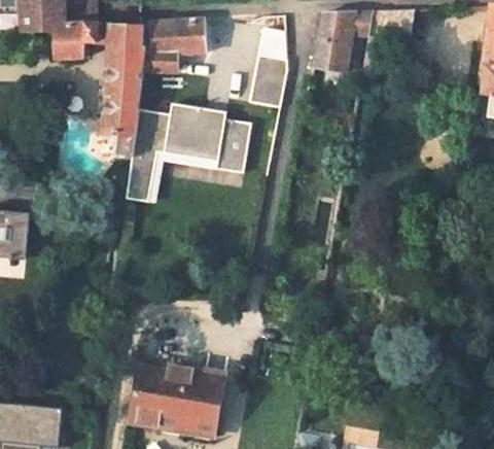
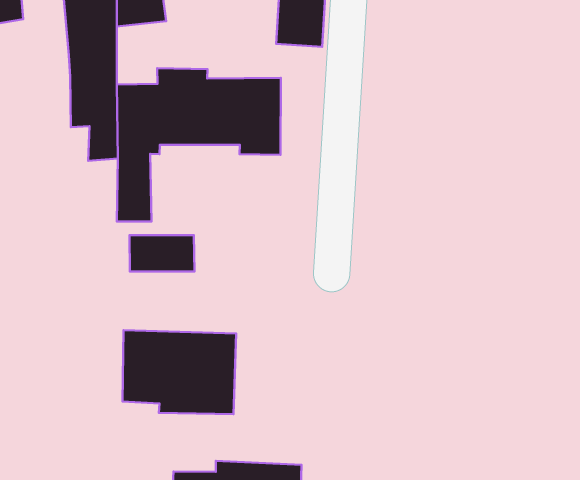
building: none -> [129,235,194,271]
building: none -> [123,330,236,414]

